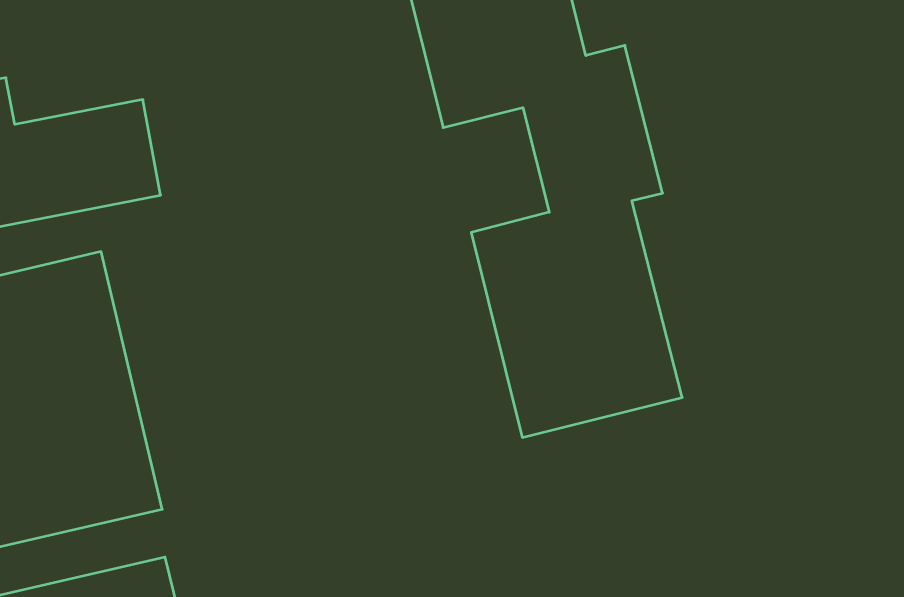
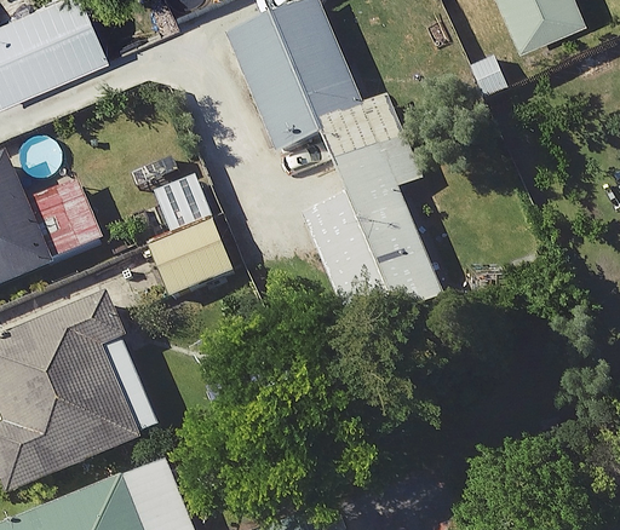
building: none -> [134,213,223,299]

